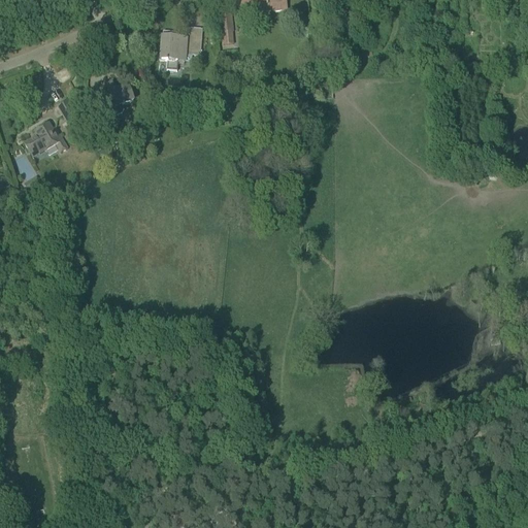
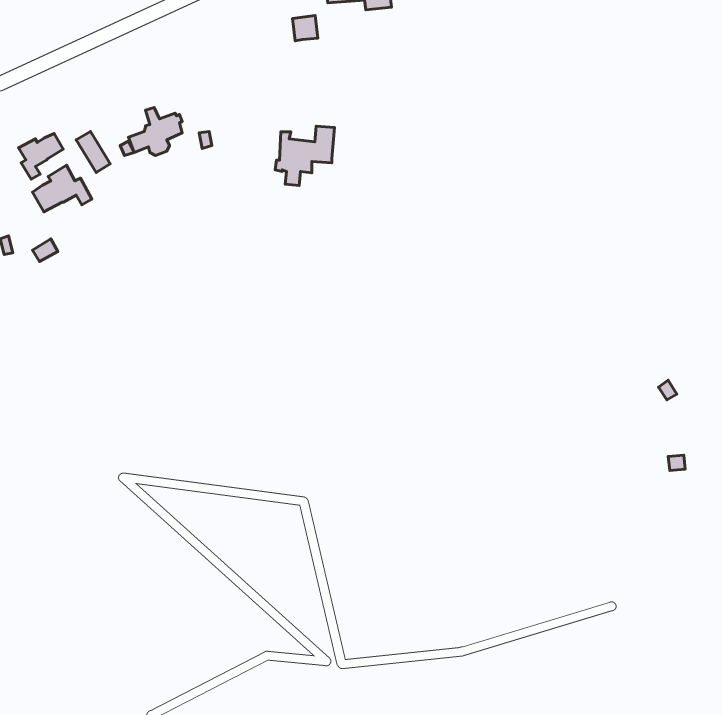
building: [159,25,202,68] -> [275,126,335,185]
building: none -> [19,133,63,179]

